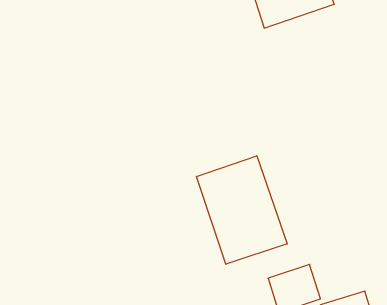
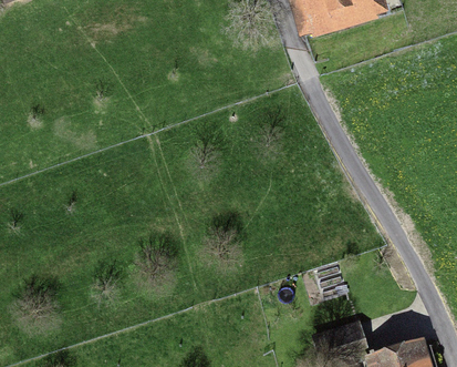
building: [197,156,287,264] -> none

